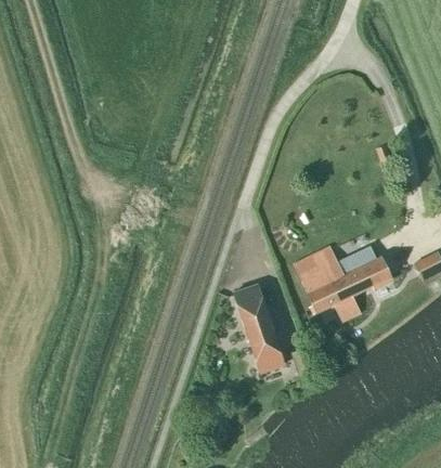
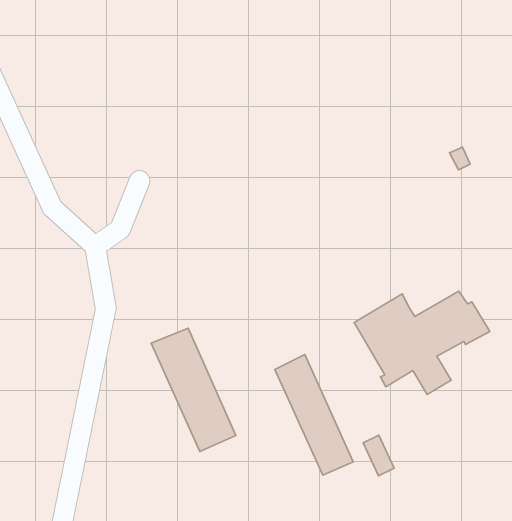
building: none -> [151,328,236,452]

